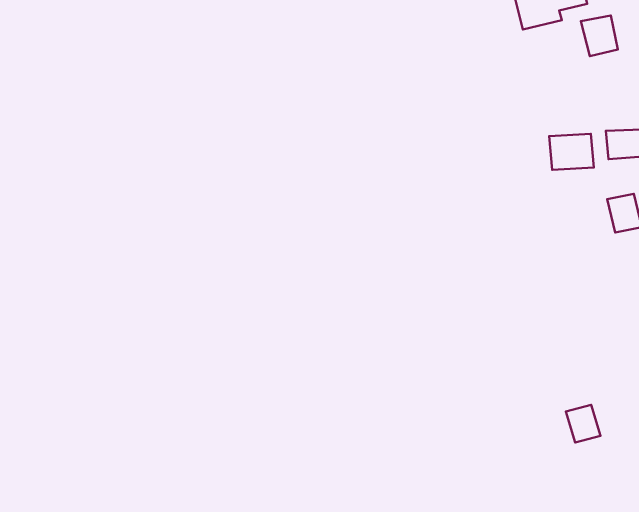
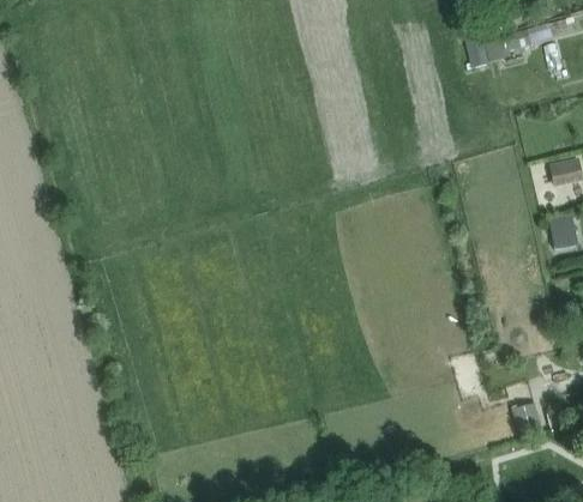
building: [581,15,618,56] -> none
building: [549,134,594,170] -> none

